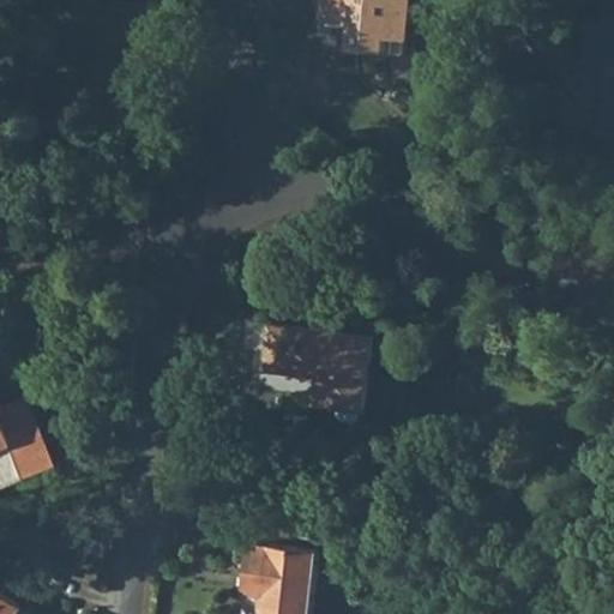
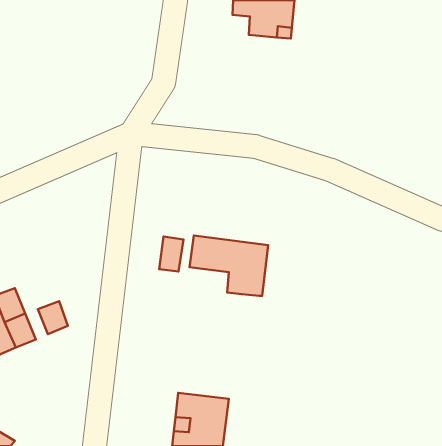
building: none -> [159,236,184,272]
building: none -> [38,301,68,334]

